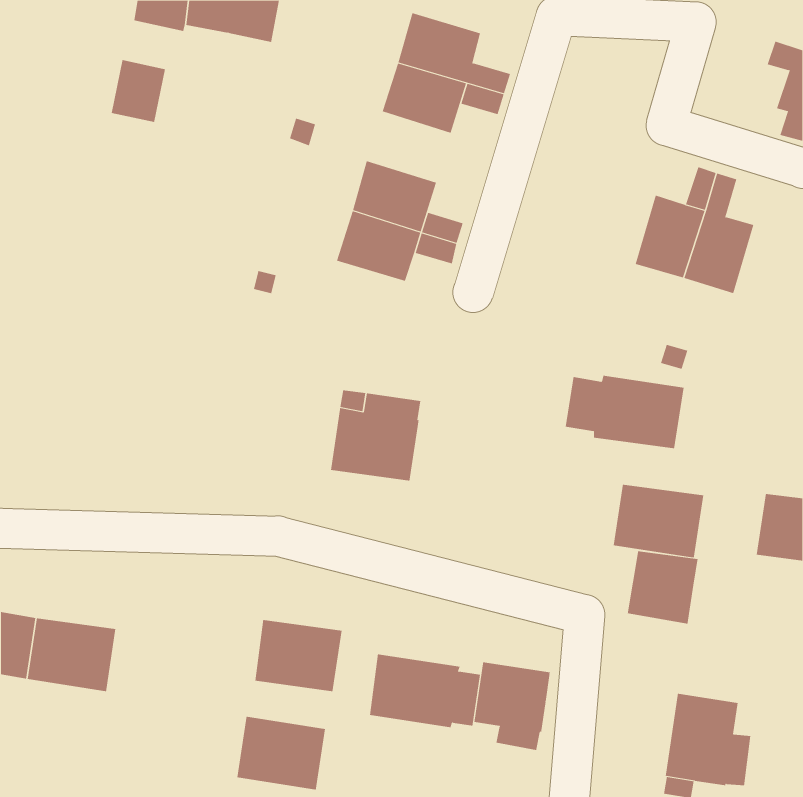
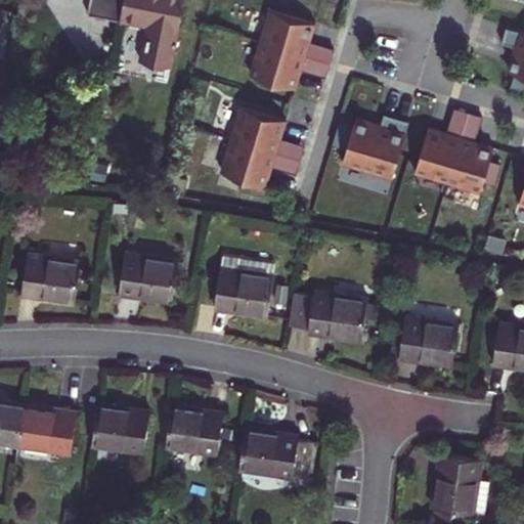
building: [111,60,166,123] -> [141,26,177,67]
building: none -> [331,118,407,181]
building: [565,375,684,449] -> [289,293,366,341]
building: none -> [21,256,81,304]
building: none -> [120,256,178,303]
building: [627,550,698,625] -> none
building: [474,661,550,751] -> none
building: [236,716,326,790] -> [91,405,149,453]

